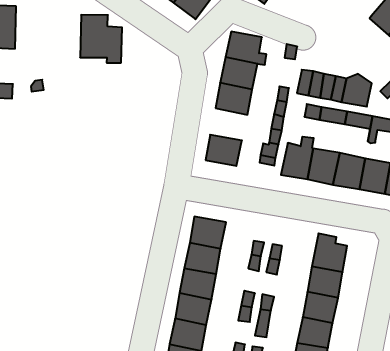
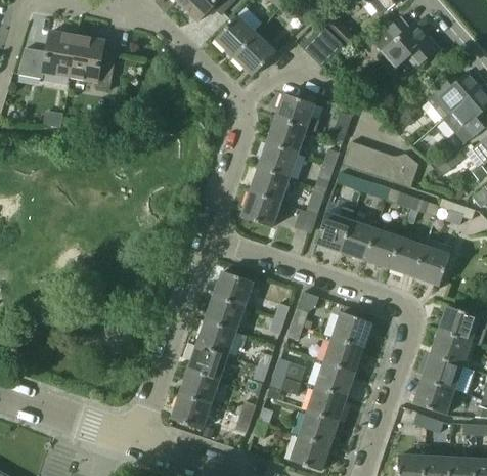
building: [80,15,122,63] -> [70,36,116,89]
building: none -> [251,166,291,202]

